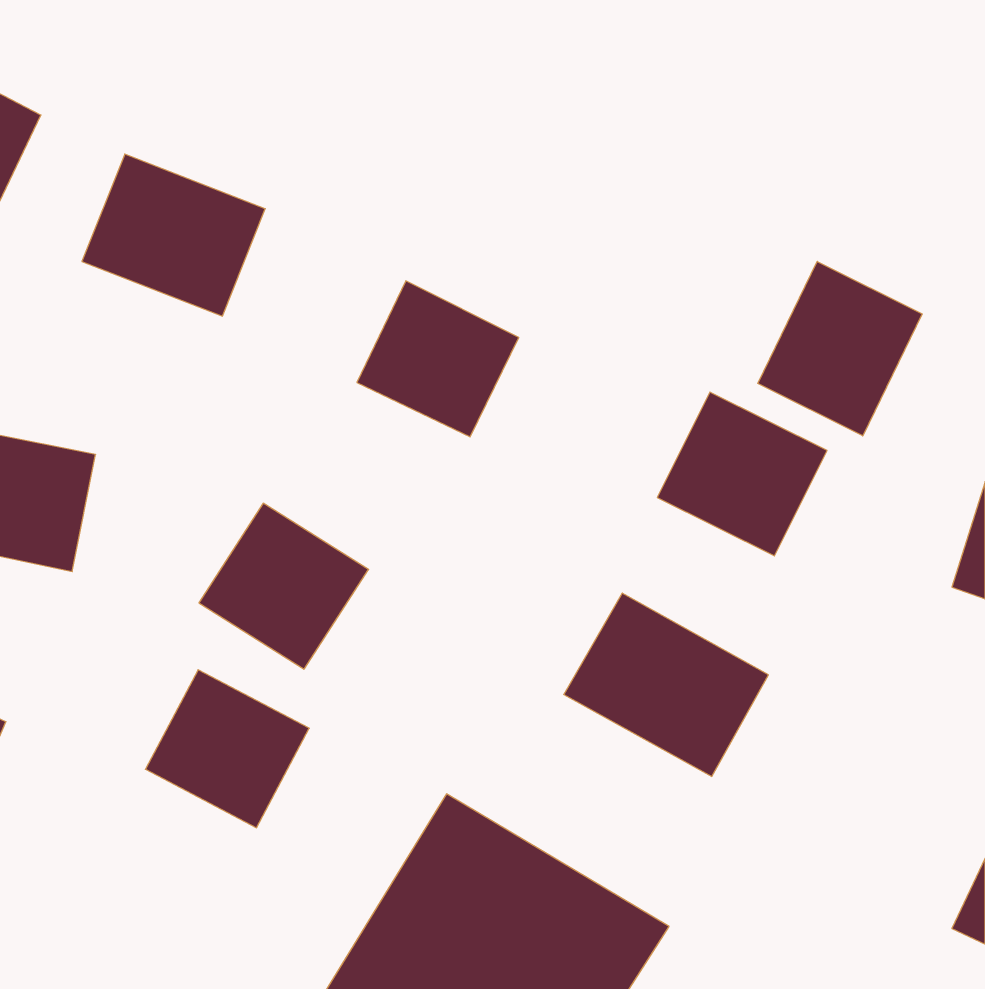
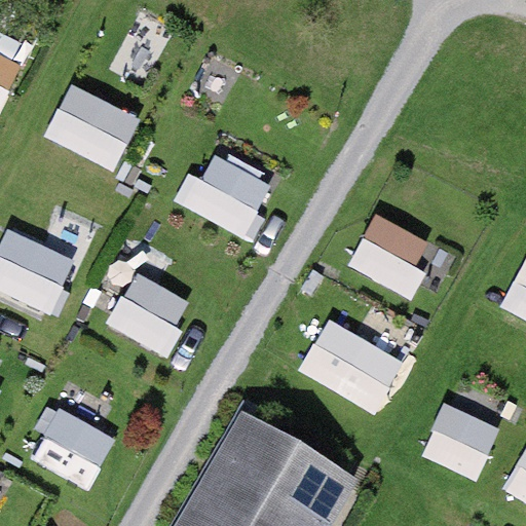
building: [758,261,922,436] -> none
building: [145,670,309,828] -> [30,407,116,490]
building: none -> [419,401,500,482]

